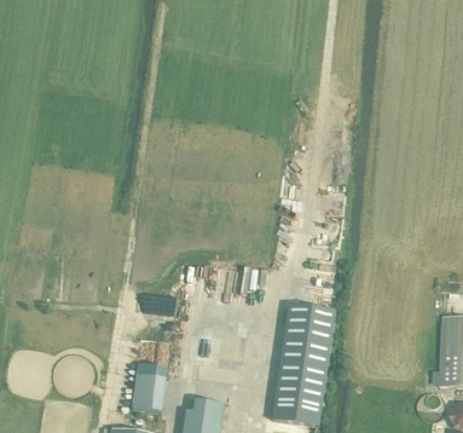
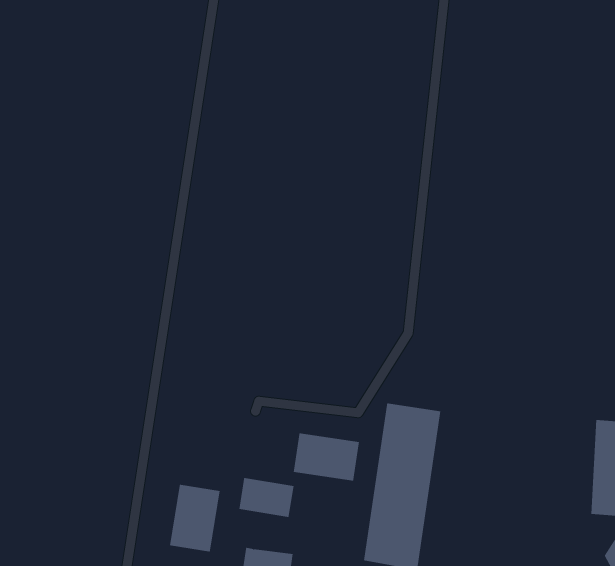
building: none -> [293,433,359,482]
building: none -> [239,477,294,518]

